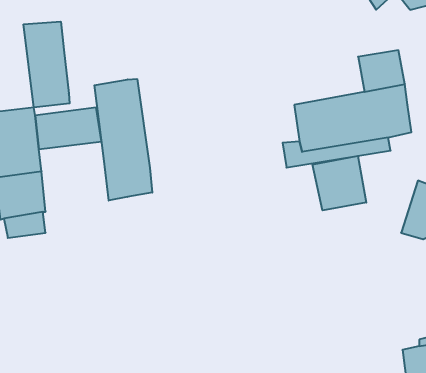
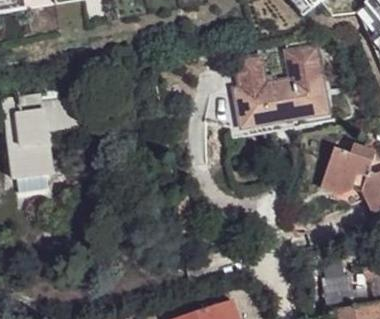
building: [24,22,70,108] -> none
building: [94,79,152,201] -> none
building: [313,156,366,210] -> none

